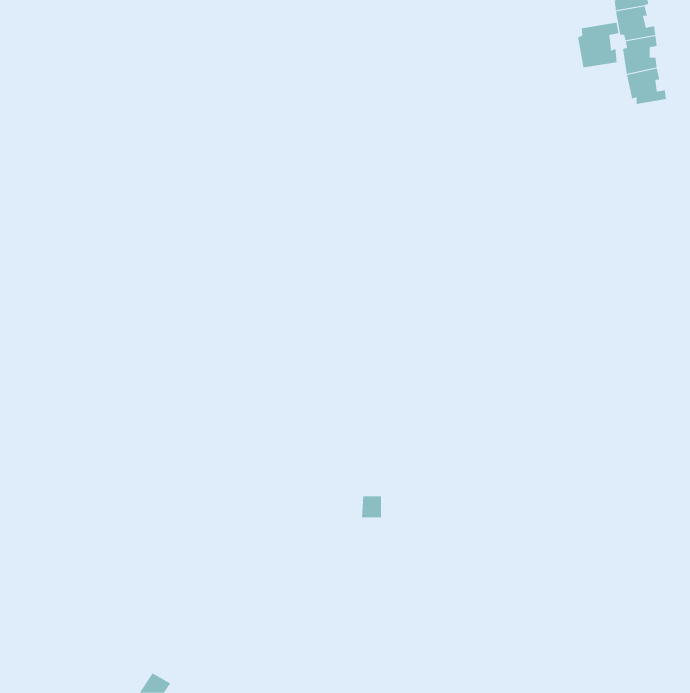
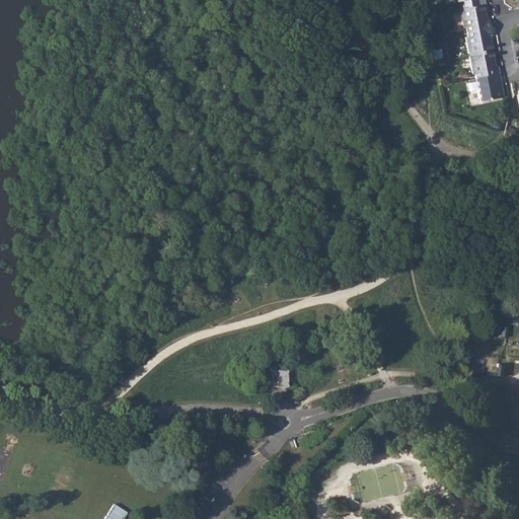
building: [577,22,619,68] -> none
building: none -> [477,74,505,101]

